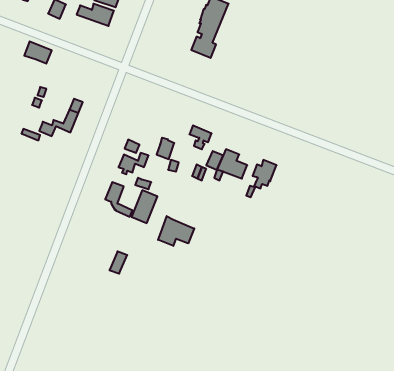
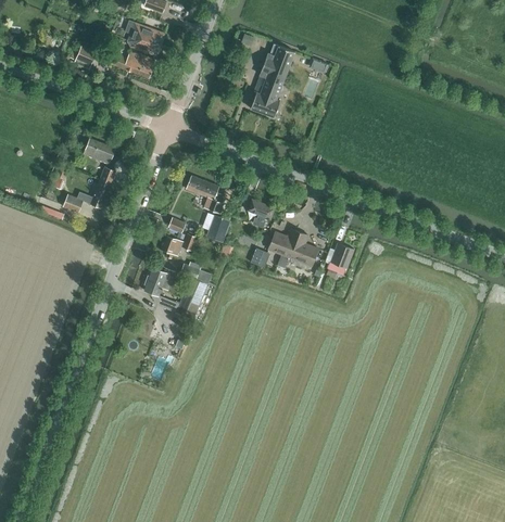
building: [24,41,52,64] -> [83,138,116,165]
building: none -> [186,176,223,213]
building: [158,216,194,246] -> none

